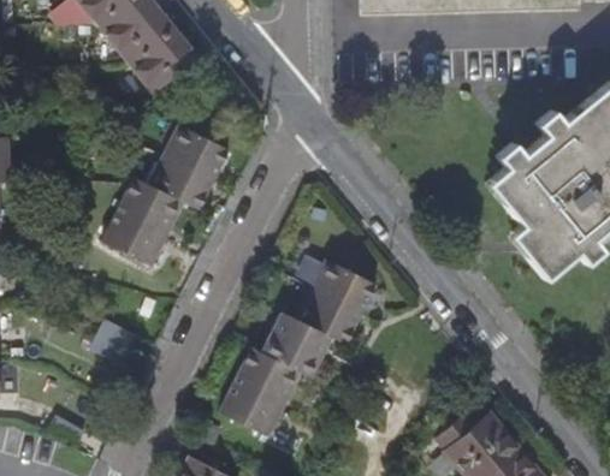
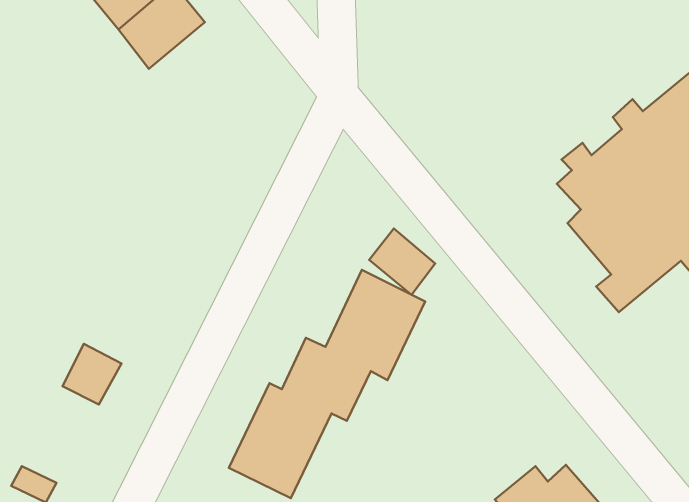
building: [102,123,229,267] -> none
building: none -> [369,229,435,295]

